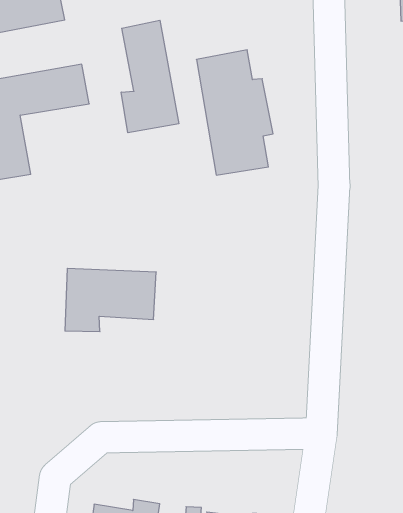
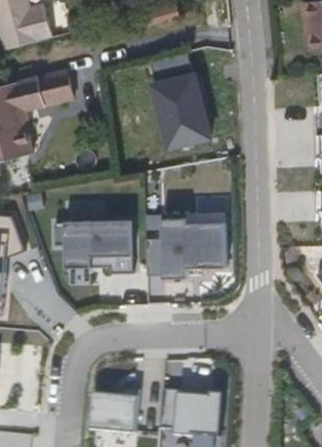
building: [121,20,179,133] -> none
building: none -> [147,219,225,277]

